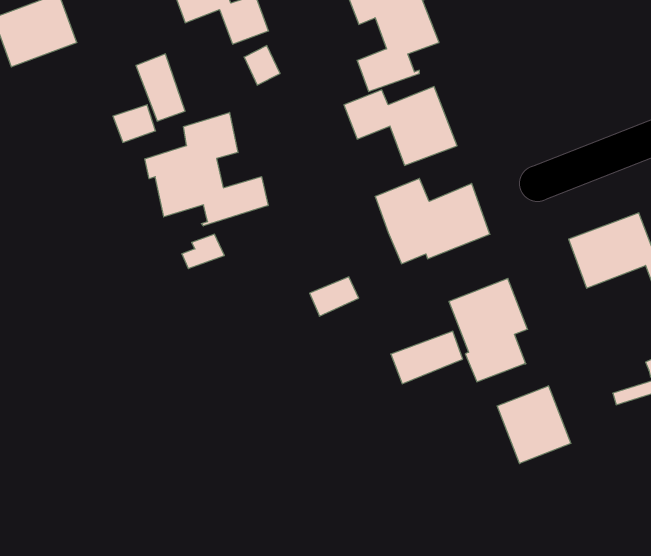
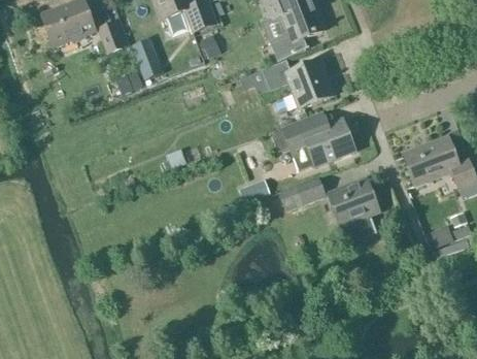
building: none -> [97,20,125,52]
building: [145,112,268,226] -> none
building: [391,331,463,384] -> [278,176,323,209]
building: [497,386,571,464] -> none

